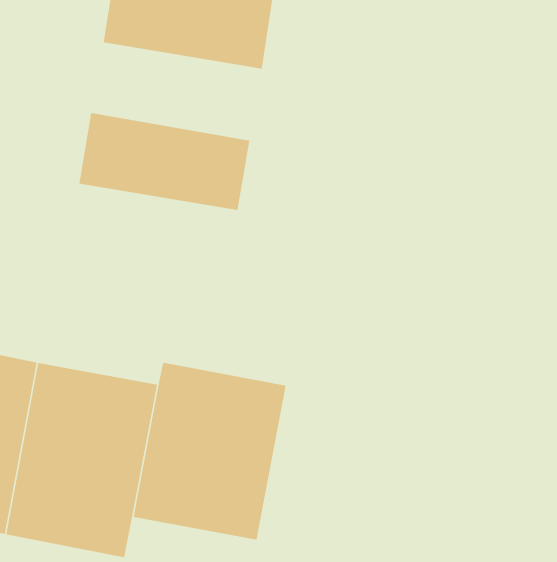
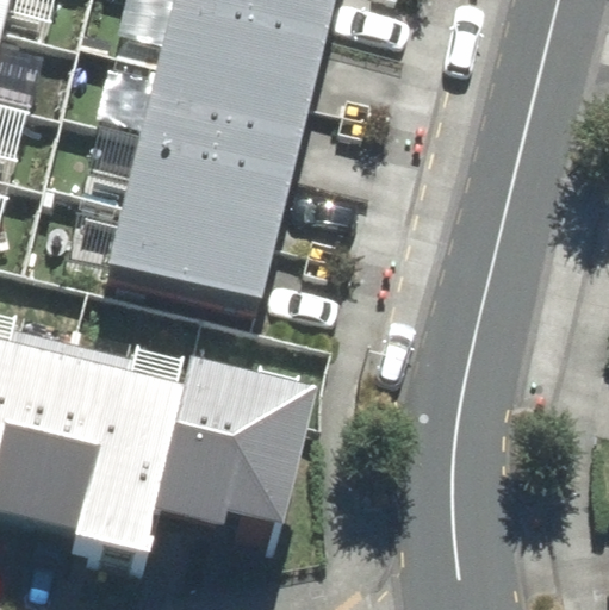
building: none -> [141,49,312,155]
building: none -> [107,186,279,292]

